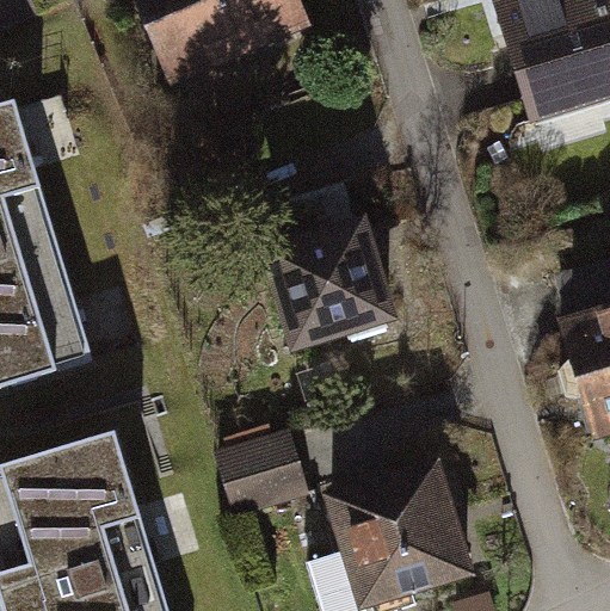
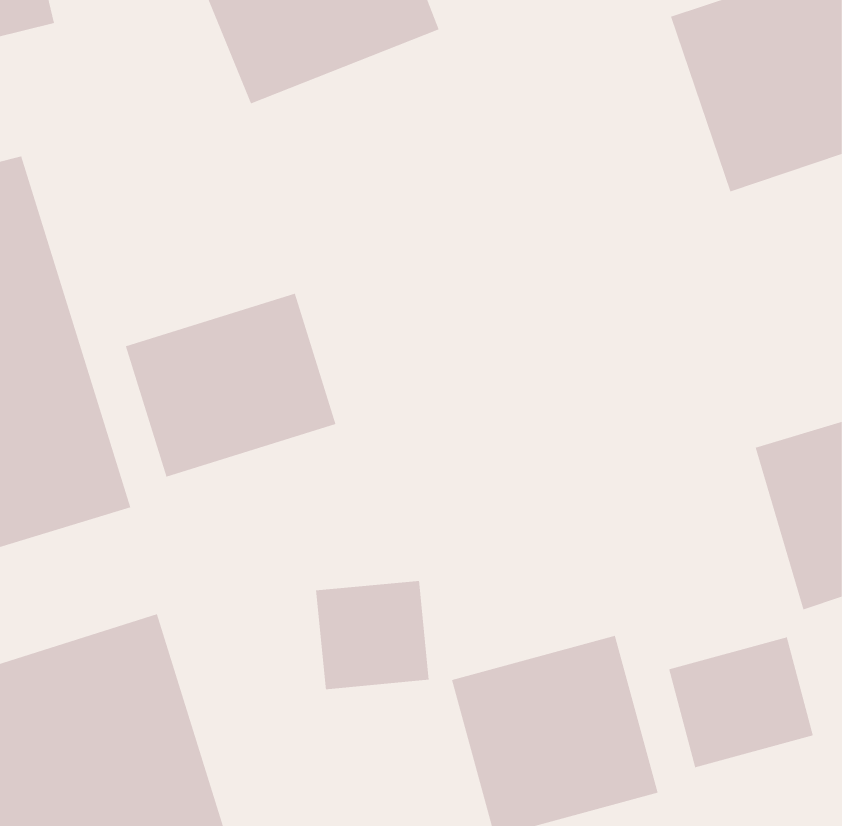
building: none -> [125,293,336,477]
building: [253,216,393,357] -> none
building: none -> [668,636,814,768]

